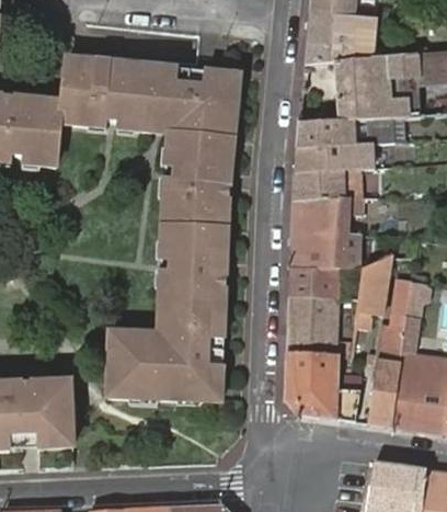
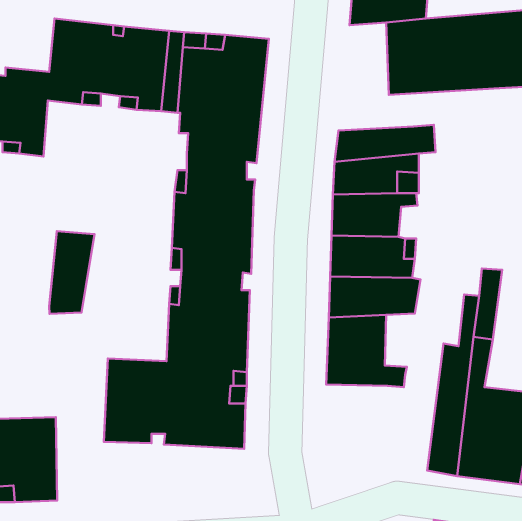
building: [297,114,426,148] -> none
building: none -> [49,231,95,314]
building: [354,254,389,330] -> none
building: [286,352,336,417] -> none

